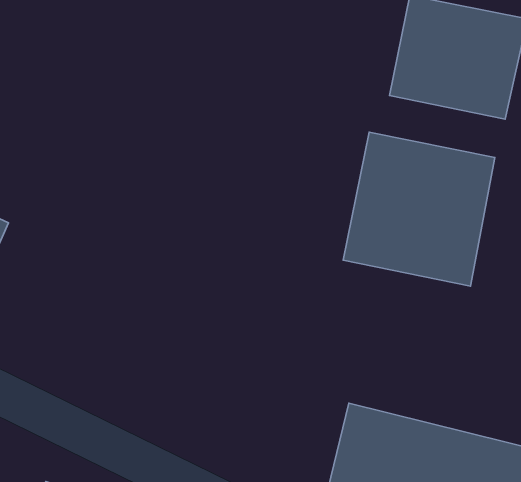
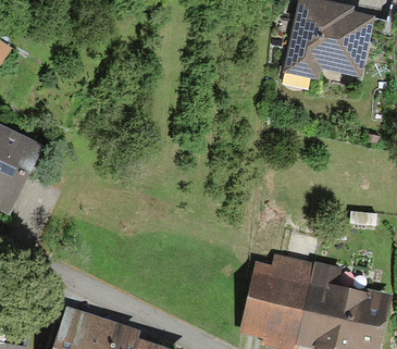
building: [343,132,495,286] -> none

